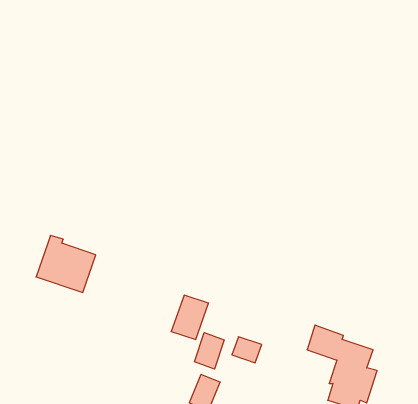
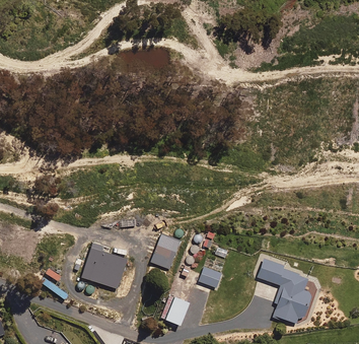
building: [36,235,96,292] -> [81,244,128,288]
building: [195,333,224,369] -> none

